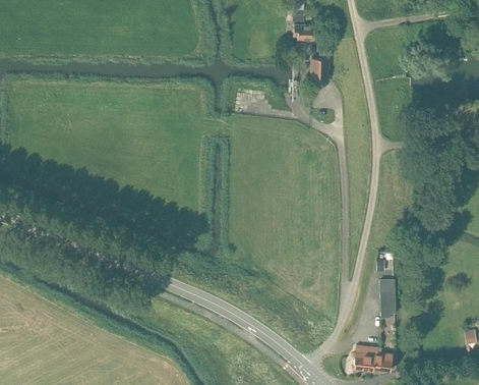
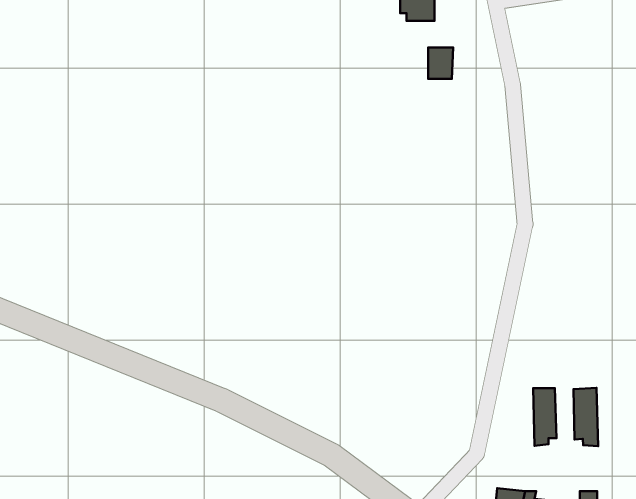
building: none -> [573,388,598,446]

